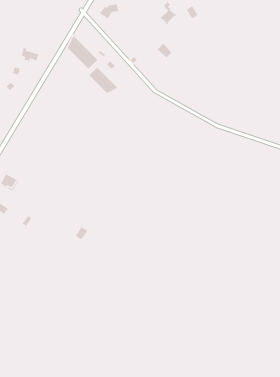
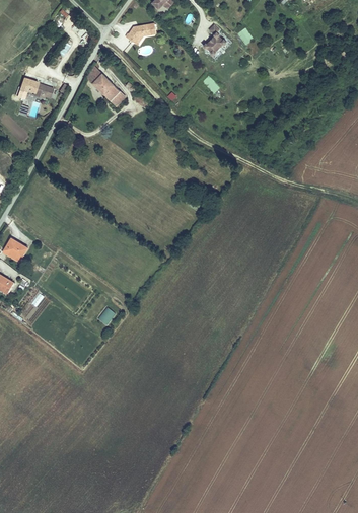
building: [88,67,118,94] -> none

